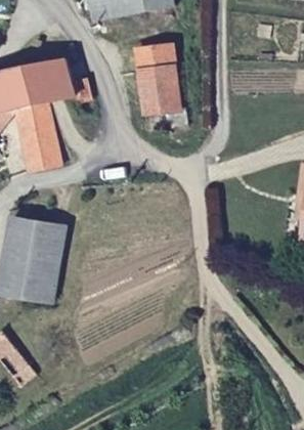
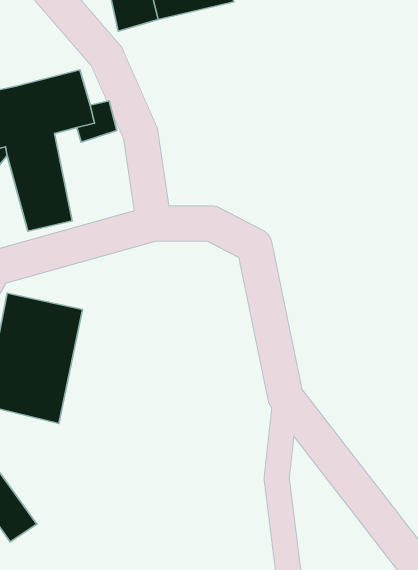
building: [135,43,186,131] -> none

